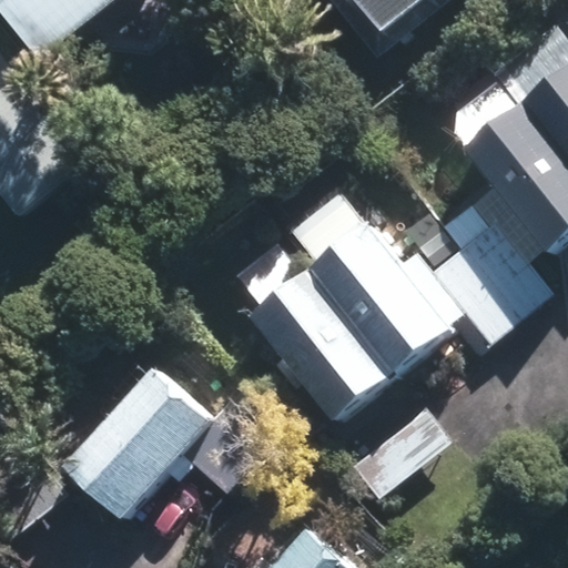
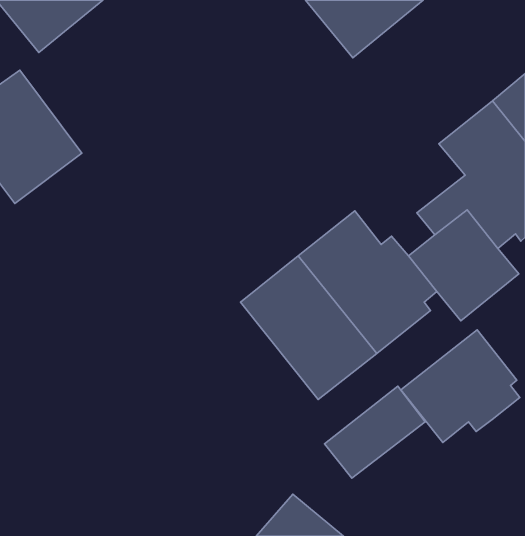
building: none -> [401,330,520,443]
building: [65,369,214,518] -> none

